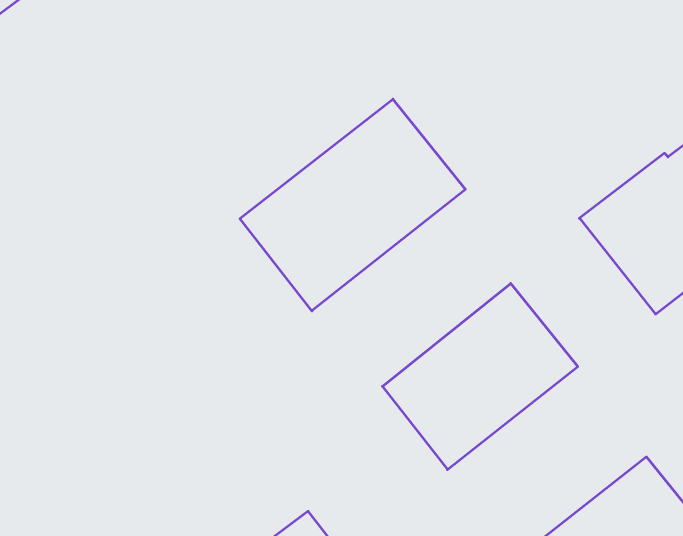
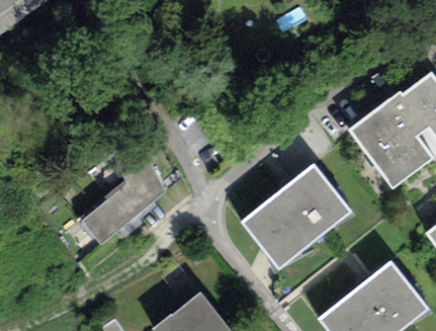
building: [240,99,465,311] -> none
building: none -> [82,142,166,243]

